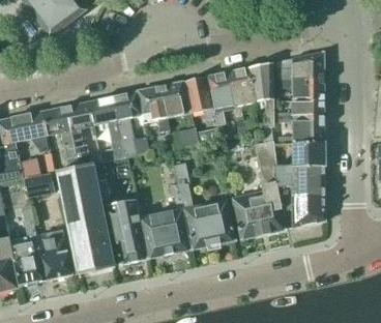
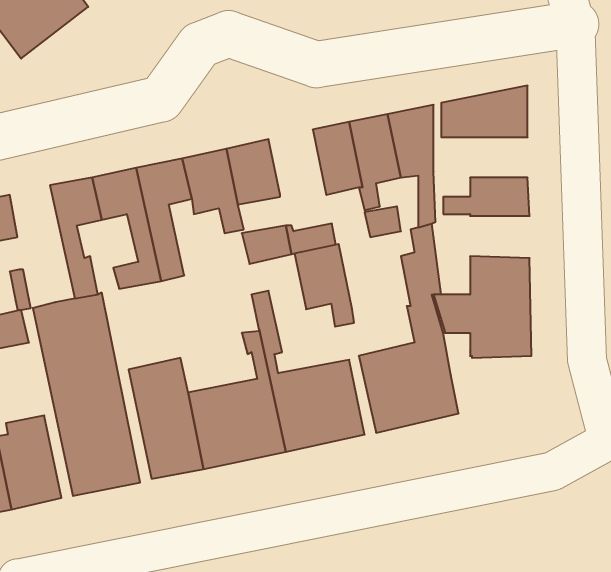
building: [183,76,215,120] -> [295,244,354,327]
building: [276,80,323,101] -> none
building: [43,106,79,169] -> none
building: [277,122,324,145] -> none
building: [281,196,325,228] -> none

